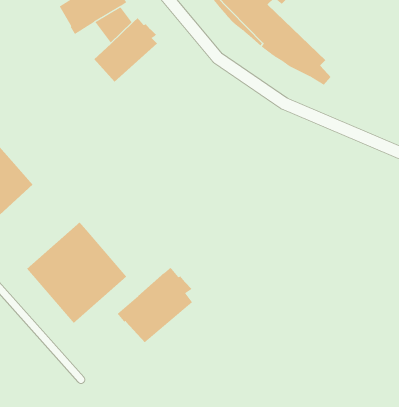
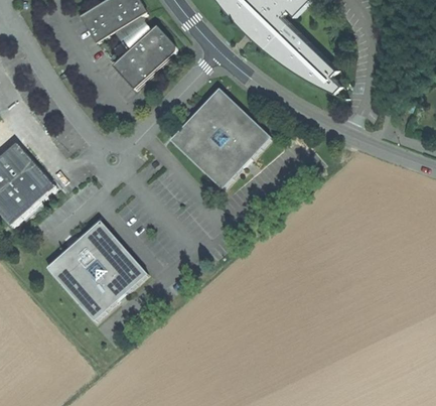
building: none -> [170,90,268,187]
building: [117,267,193,343] -> none

